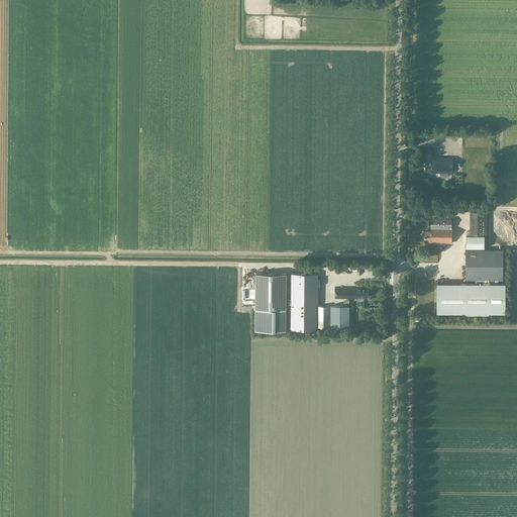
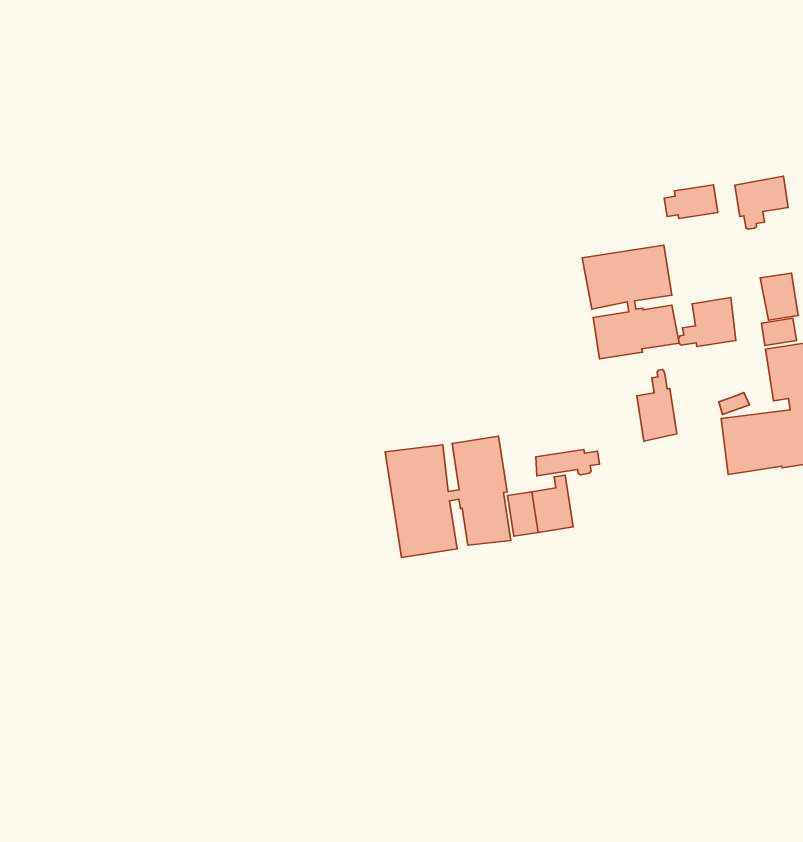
building: none -> [735,176,788,229]
building: none -> [582,245,679,359]
building: none -> [637,370,677,441]

